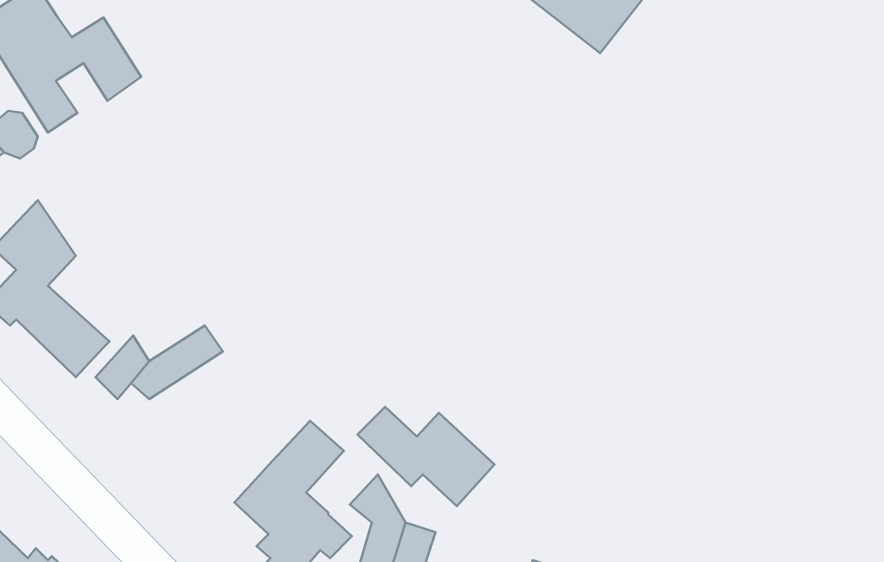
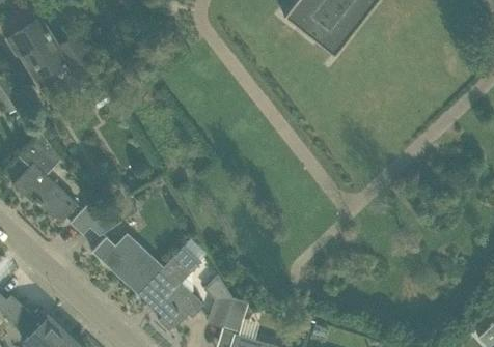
building: [357,407,494,506] -> [90,236,162,288]

